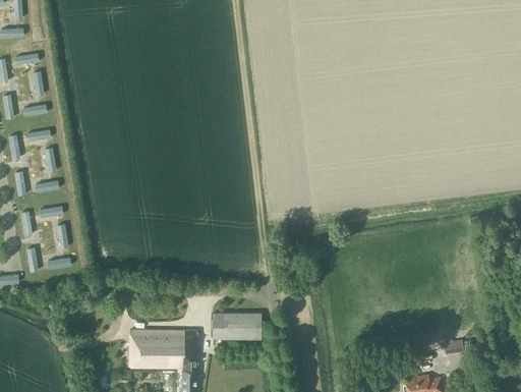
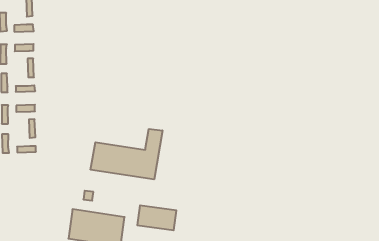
building: none -> [91,129,162,179]

